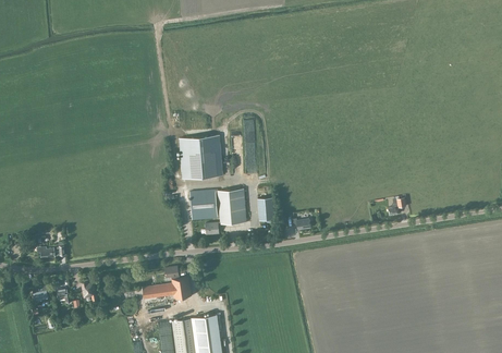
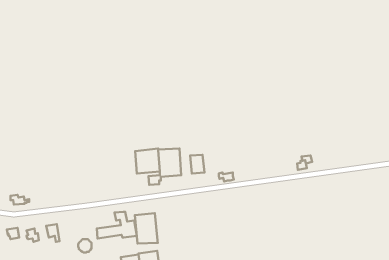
building: [180,136,222,179] -> none
building: none -> [135,213,158,244]

